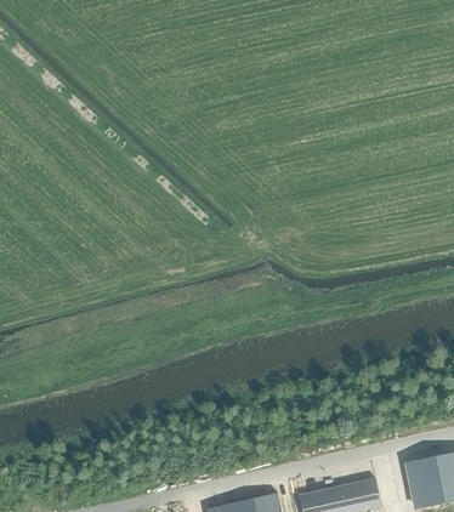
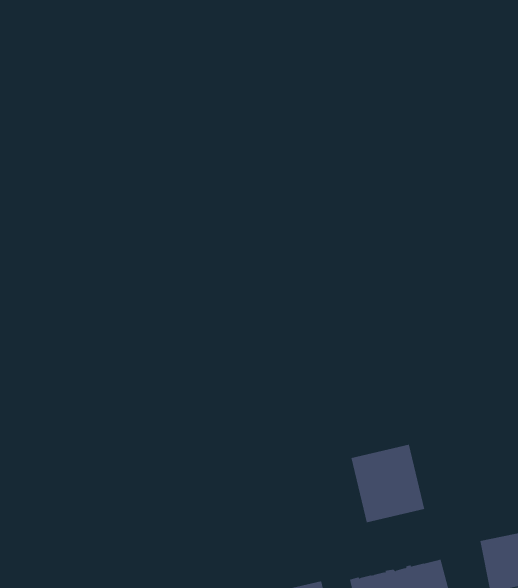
building: none -> [351,444,425,523]

